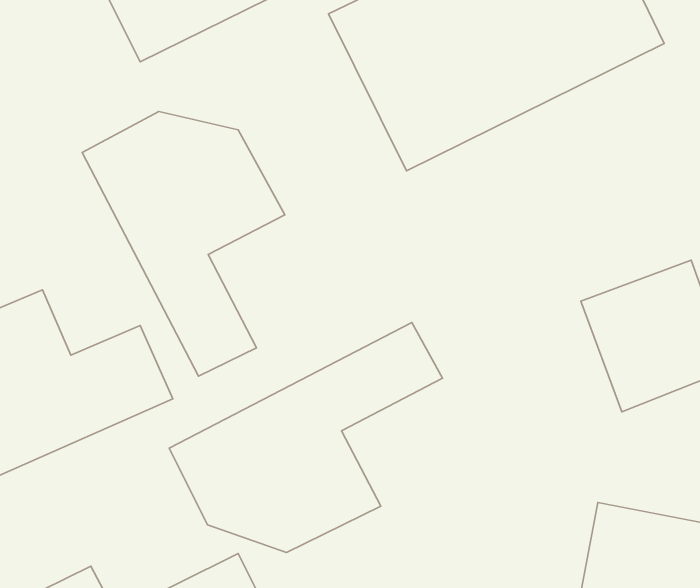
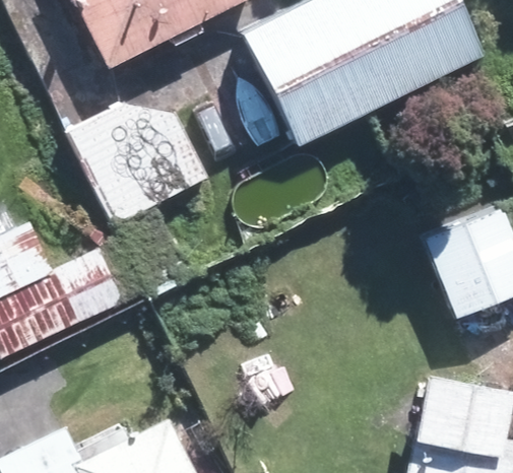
building: [169,322,443,553] -> none

